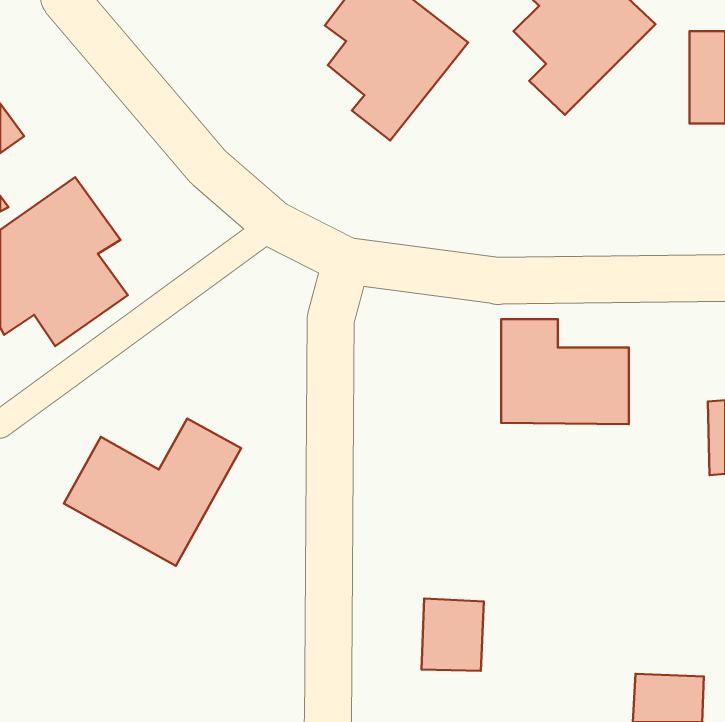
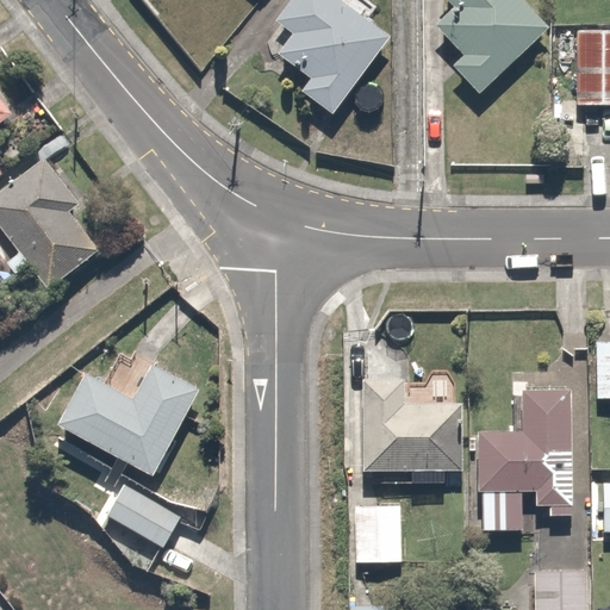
building: [501,319,629,424] -> [361,385,468,473]
building: none -> [480,394,575,534]
building: none -> [102,484,180,548]

